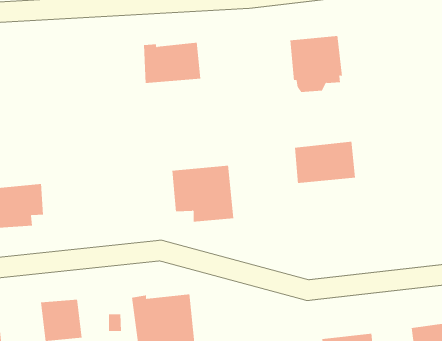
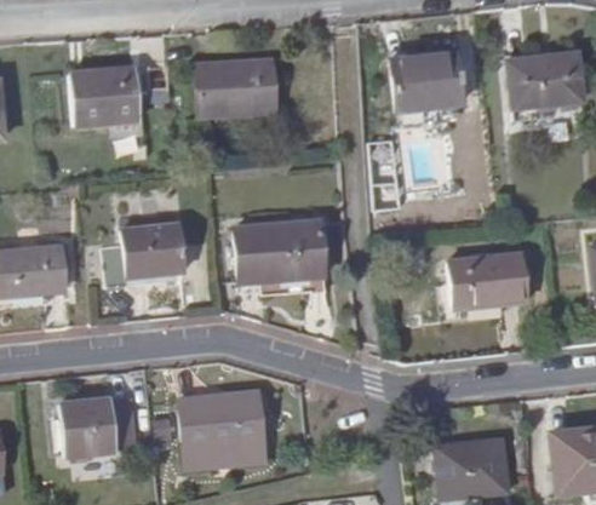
building: none -> [506,53,580,105]
building: none -> [71,67,143,124]
building: [294,141,356,183] -> [445,253,526,309]
building: none -> [105,222,187,289]

